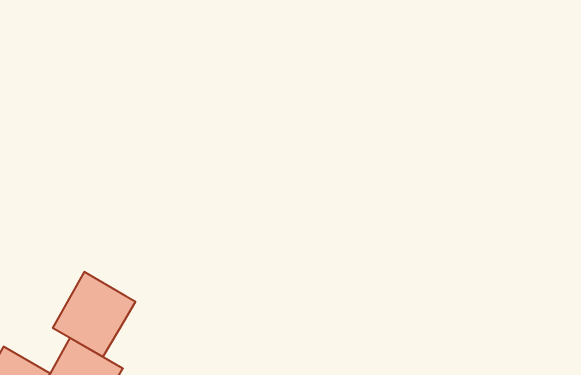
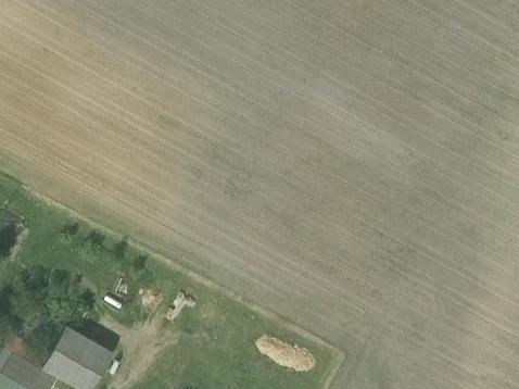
building: [53,272,135,357] -> none

